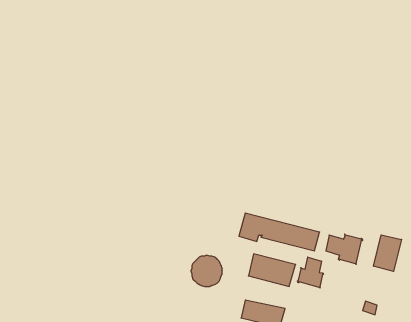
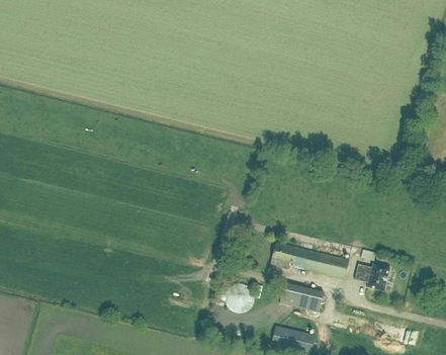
building: [374,235,402,271] -> none
building: [297,257,323,288] -> none

